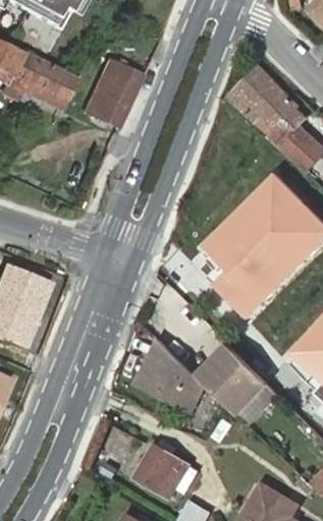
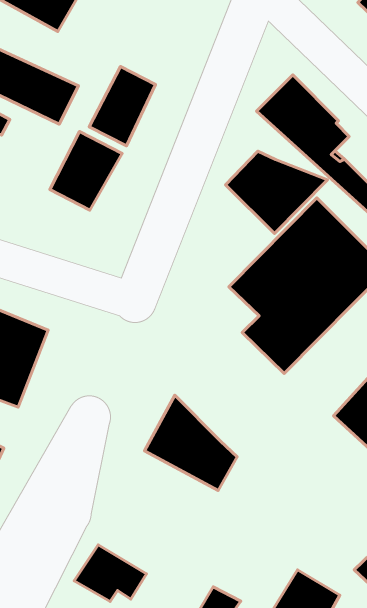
building: none -> [50,132,122,210]
building: none -> [226,151,327,233]
building: [194,345,275,425] -> none
building: [124,442,185,489] -> [74,545,146,601]

